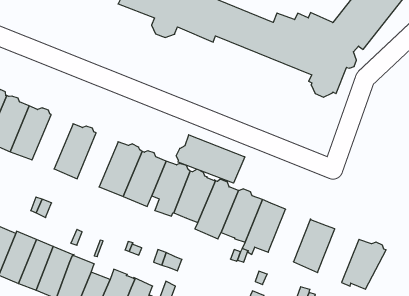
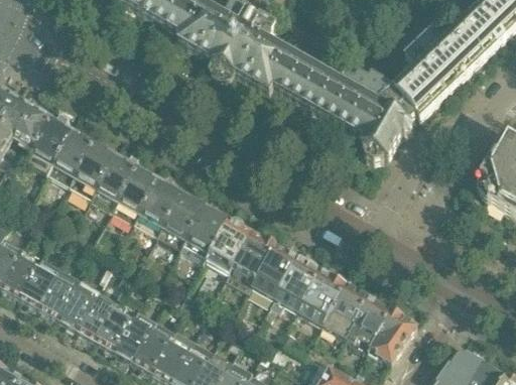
building: none -> [69,141,115,197]
building: none -> [112,165,158,221]
building: [176,135,245,183] -> none
building: none -> [296,268,344,323]
building: none -> [344,294,390,350]

